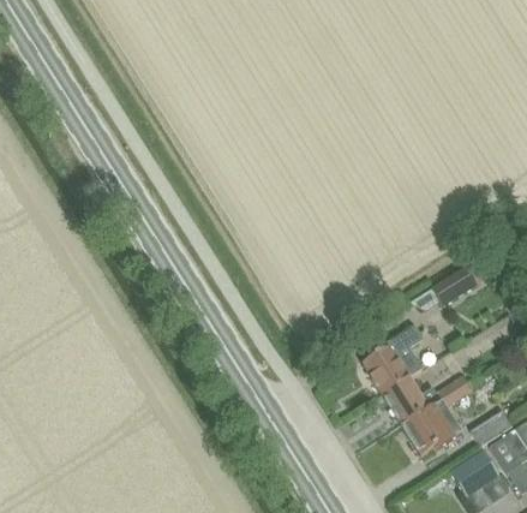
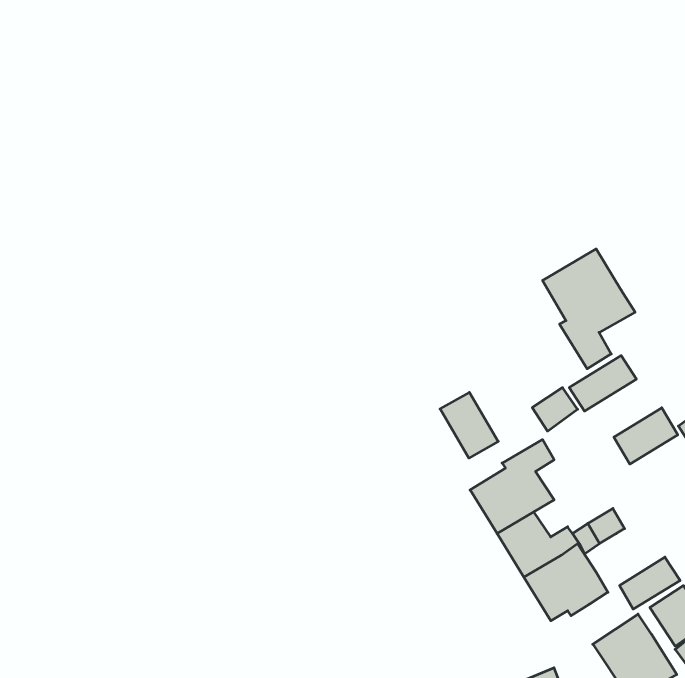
building: none -> [543,249,635,369]
building: none -> [440,392,498,458]
building: none -> [614,408,678,464]

